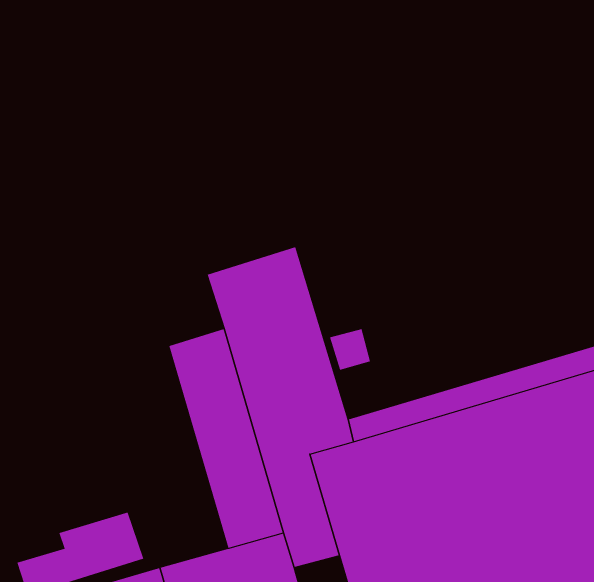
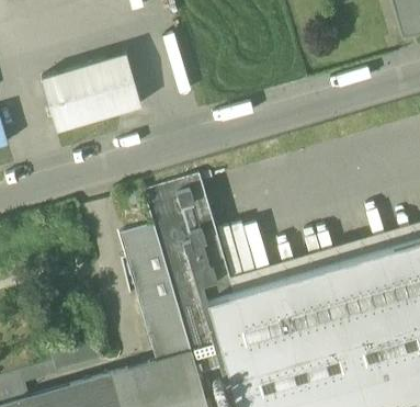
building: none -> [42,54,141,131]

